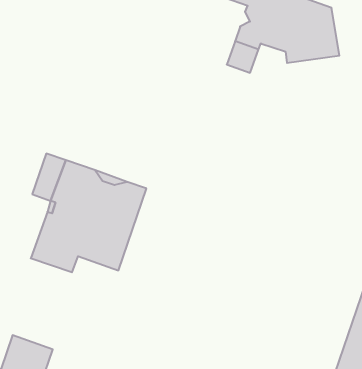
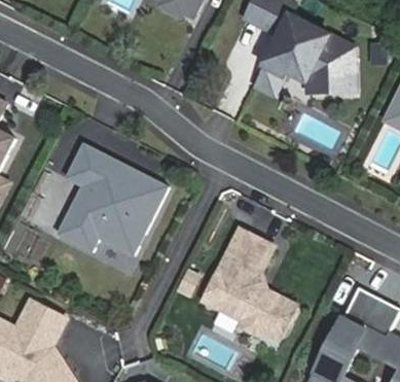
building: none -> [198,228,293,340]

